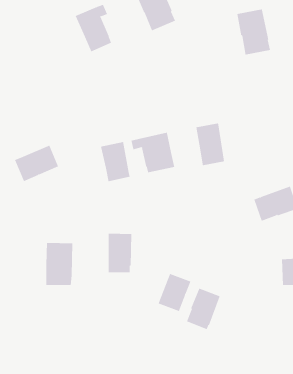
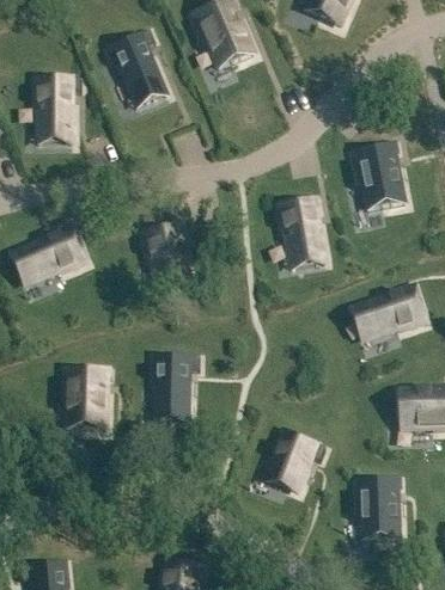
building: [236,9,271,55] -> [355,145,404,210]
building: none -> [37,78,81,133]
building: [131,132,175,173] -> none
building: [158,273,191,312] -> none
building: none -> [359,479,400,541]

